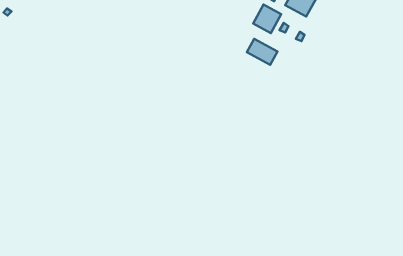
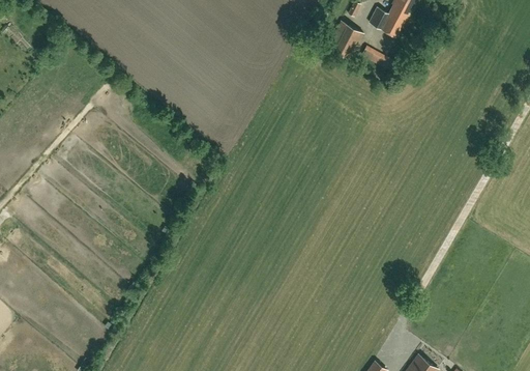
building: [247,39,277,65] -> none

